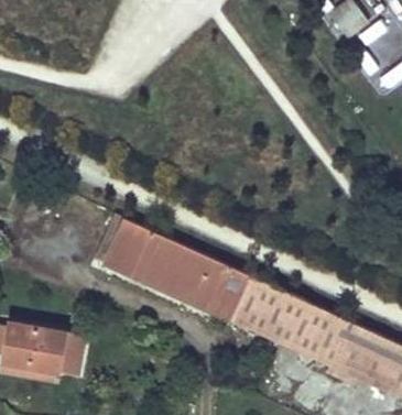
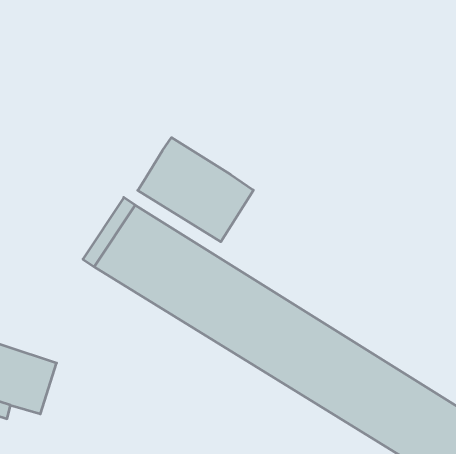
building: none -> [138,138,253,242]

